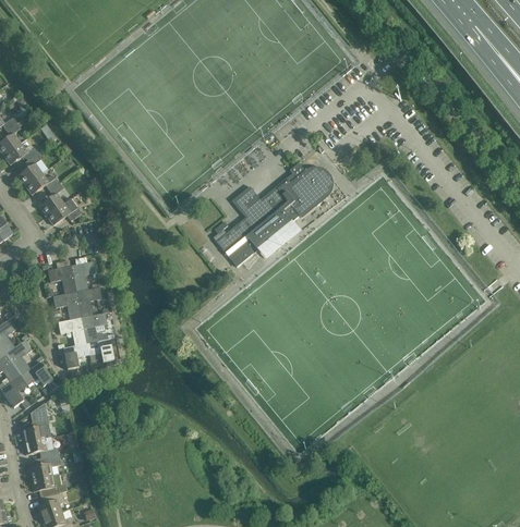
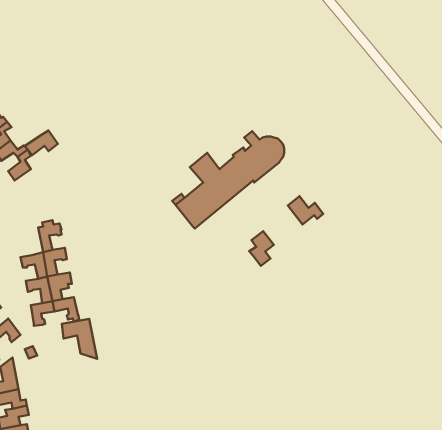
building: [46,198,81,224] -> [25,131,58,155]
building: none -> [288,196,323,224]
building: [47,260,76,294] -> none
building: none -> [249,231,274,266]
building: none -> [62,319,97,359]

